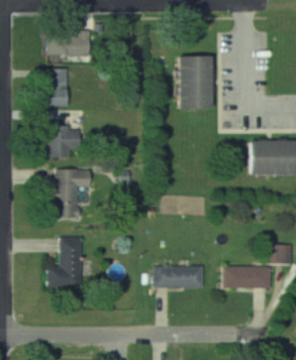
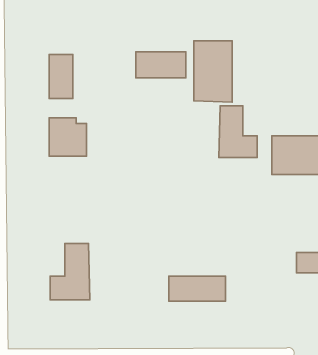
building: [45,32,90,55] -> [136,52,186,78]
building: none -> [219,106,257,158]
building: [53,168,91,219] -> none
building: [223,267,271,288] -> none

